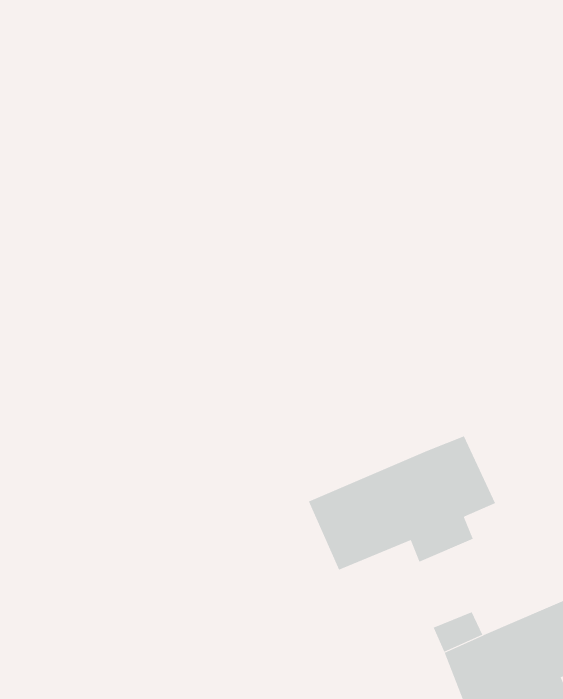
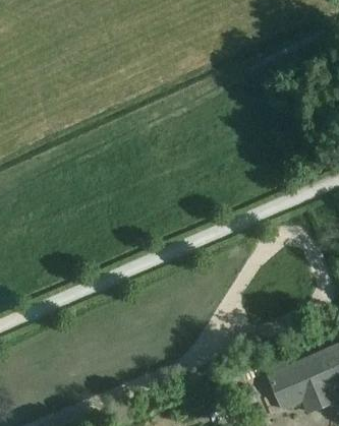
building: [308,435,496,571] -> none

